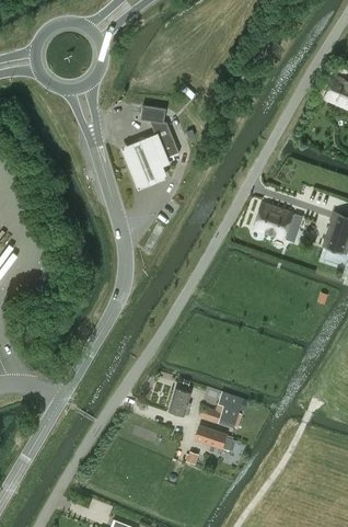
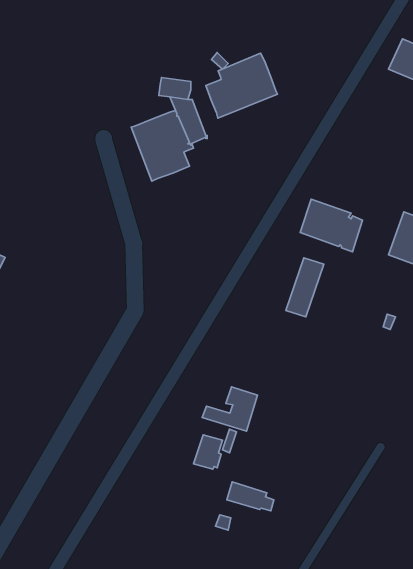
building: none -> [206,53,277,118]
building: none -> [286,258,324,317]
building: [199,391,243,426] -> [202,387,258,431]

